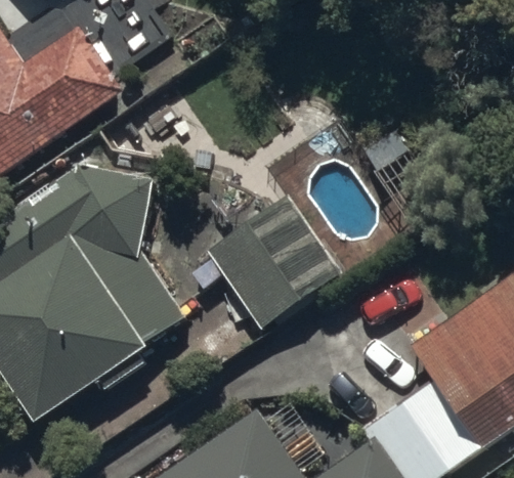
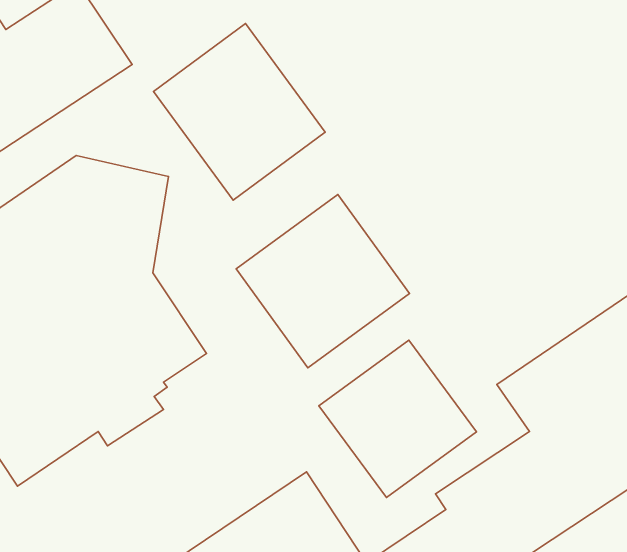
building: none -> [153,23,325,200]
building: none -> [319,340,476,497]

